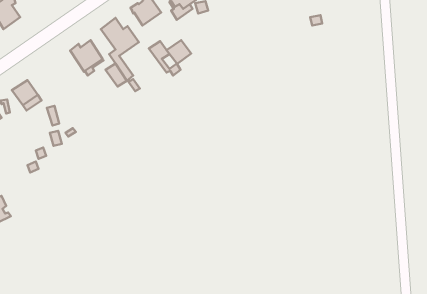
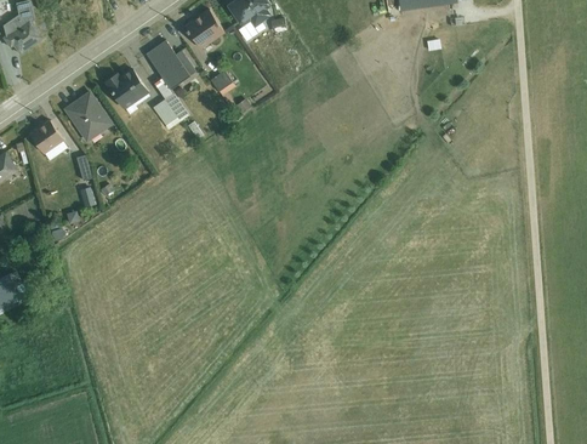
building: [166,40,191,64] -> none
building: none -> [65,92,112,141]

